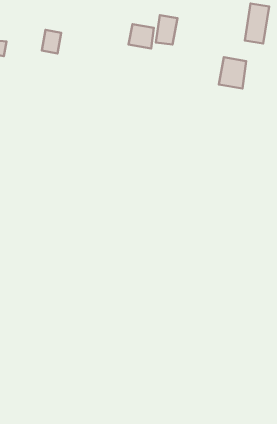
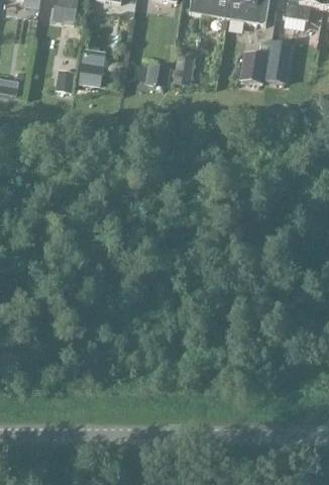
building: none -> [78,61,104,85]
building: [219,57,246,88] -> [238,50,266,82]

